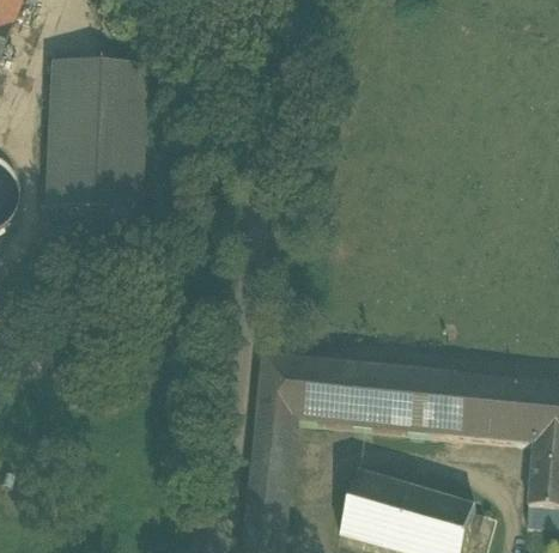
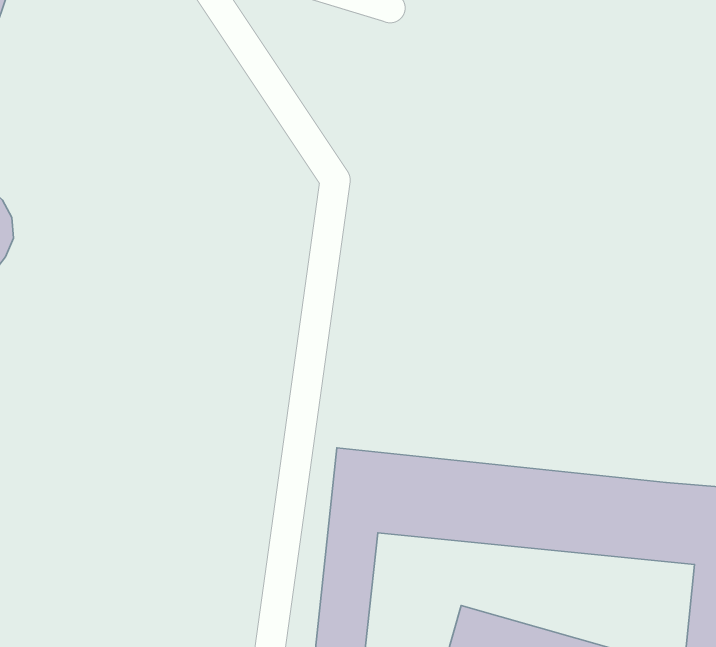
building: [44,55,146,203] -> none

